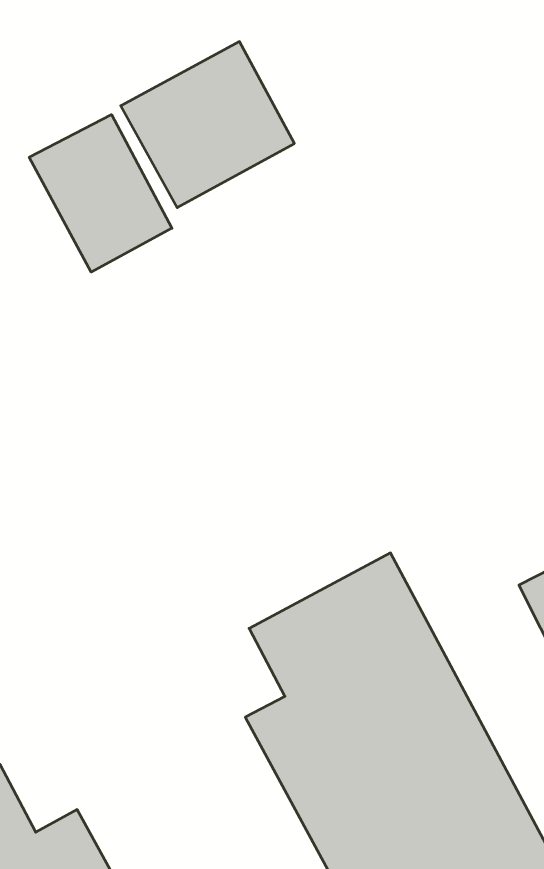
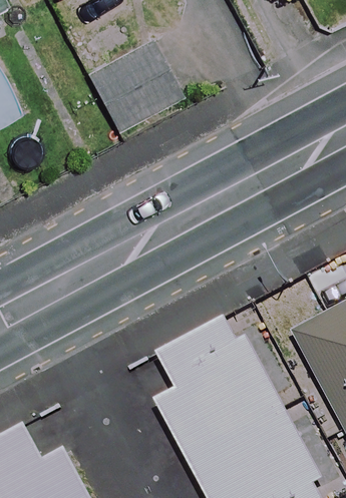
building: [29,115,172,272] -> none

